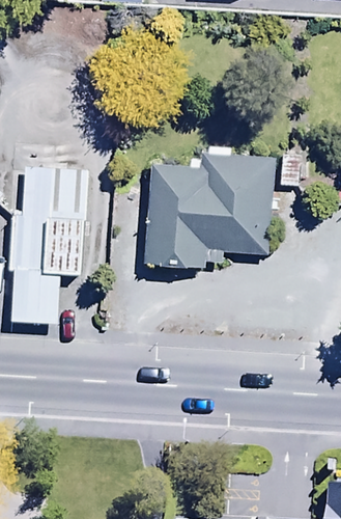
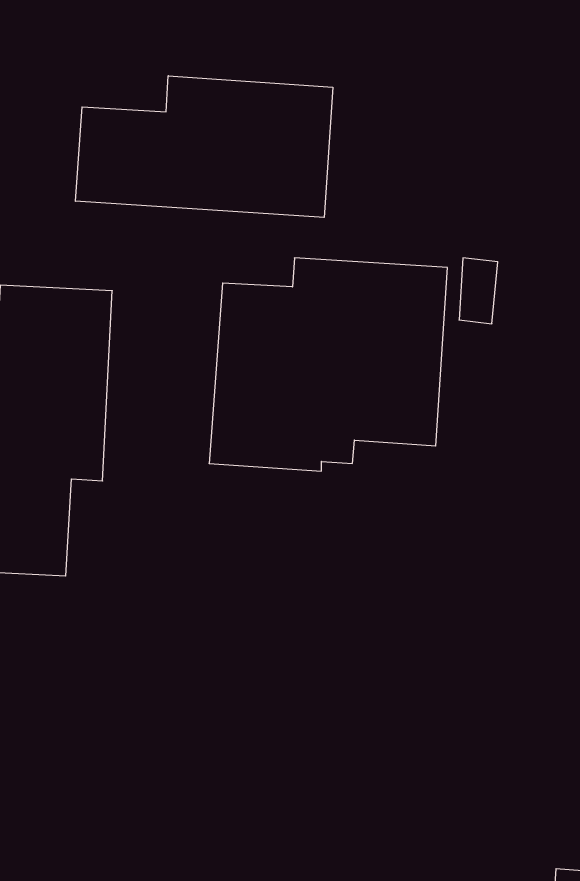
building: none -> [75,76,333,217]

